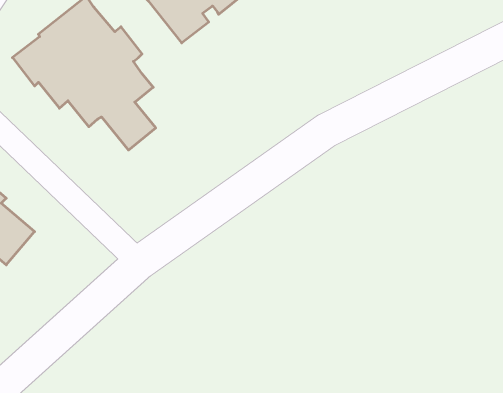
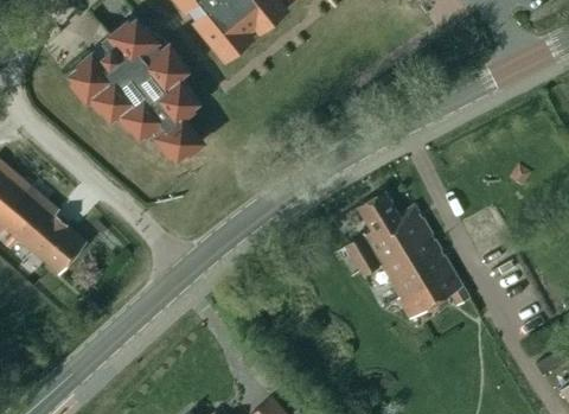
building: none -> [346,195,469,321]

